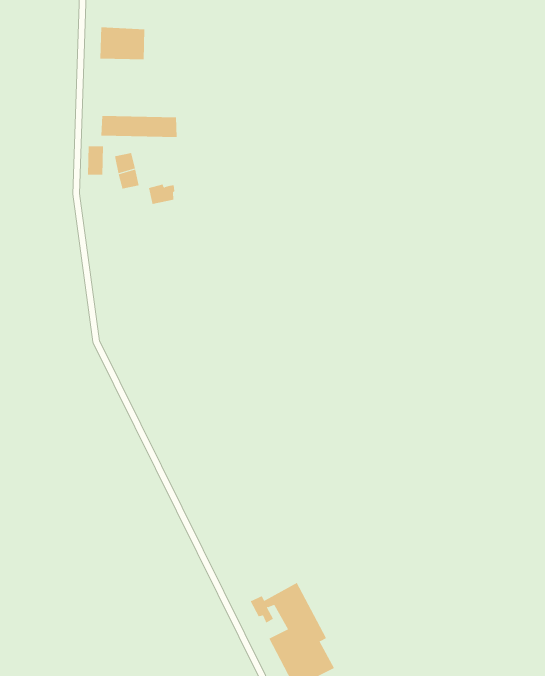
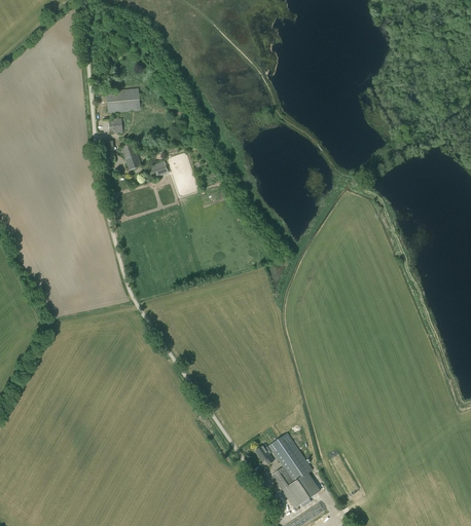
building: [100,27,145,60] -> [106,88,140,113]

